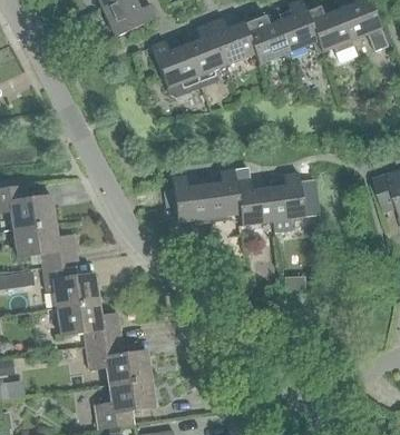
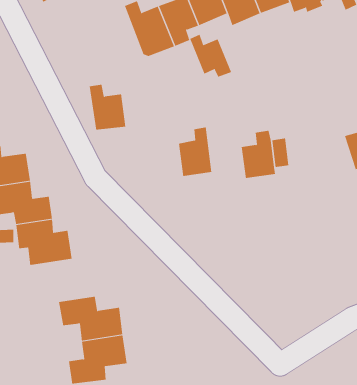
building: none -> [190,34,232,78]
building: [172,175,209,221] -> [89,84,126,130]
building: [235,178,273,225] -> none
building: [55,301,121,345] -> none

